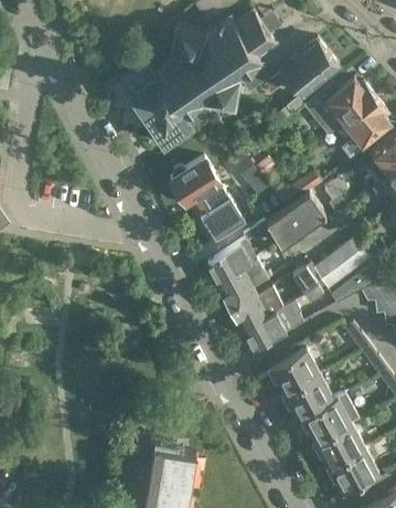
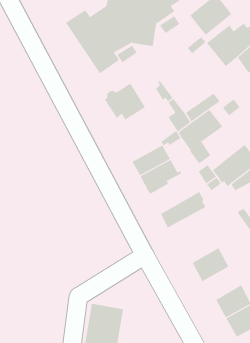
building: [197,191,245,242] -> none
building: [231,285,285,331] -> none
building: [271,350,321,395] -> none
building: [302,399,351,444] -> none

